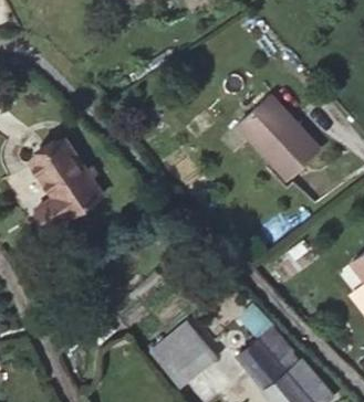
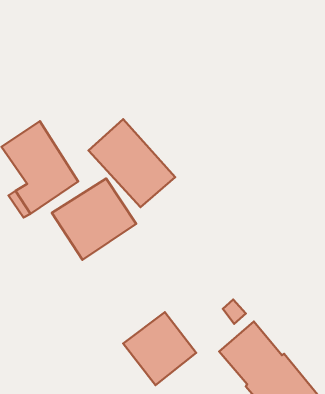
building: [237,97,320,181] -> [89,119,175,207]
building: none -> [52,178,136,260]

